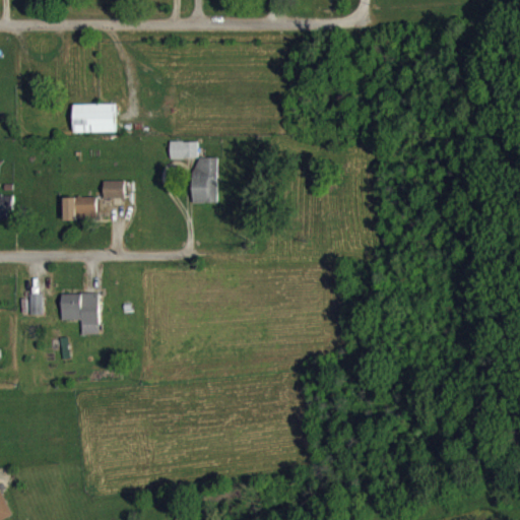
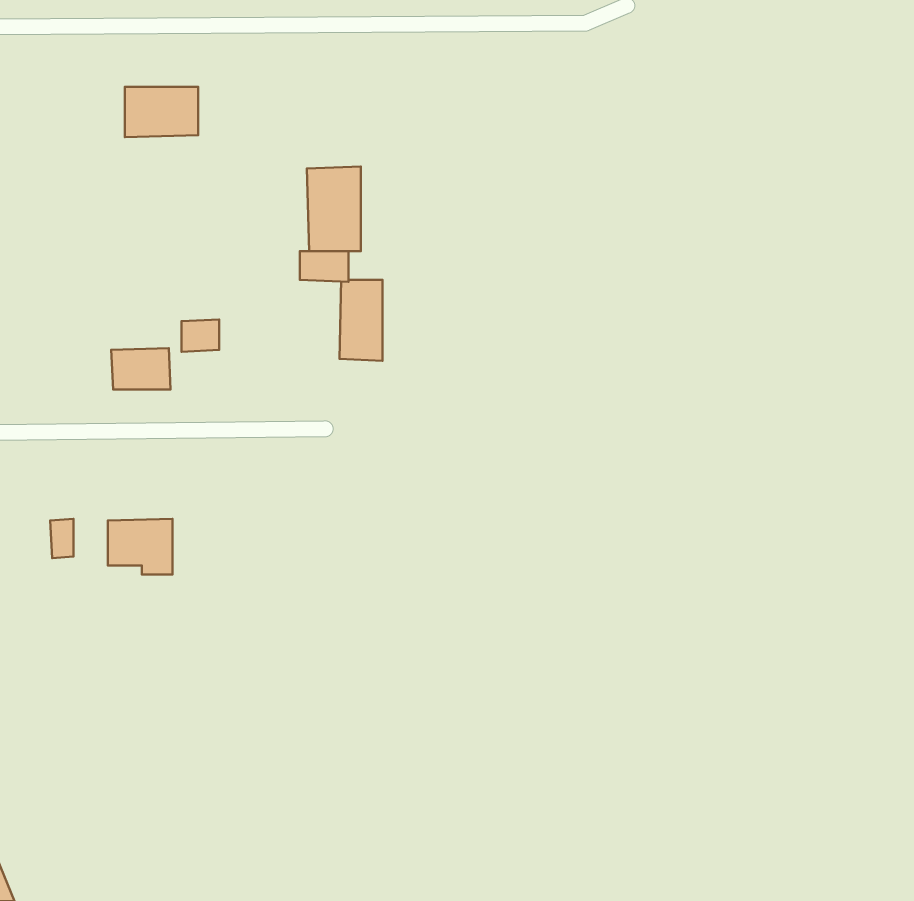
building: none -> [307,166,361,251]
building: [73,105,115,133] -> [125,87,198,137]

